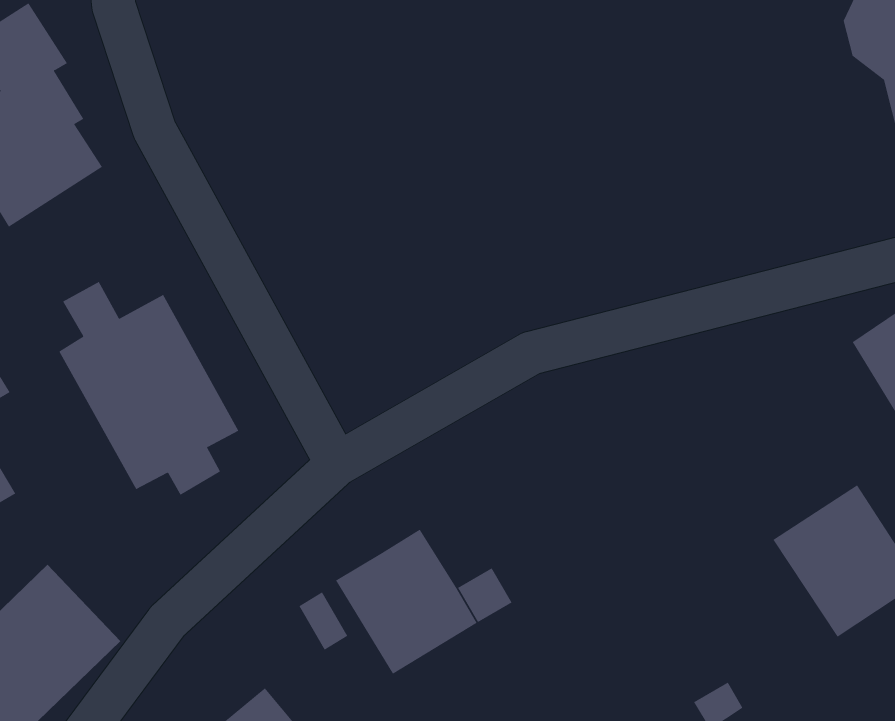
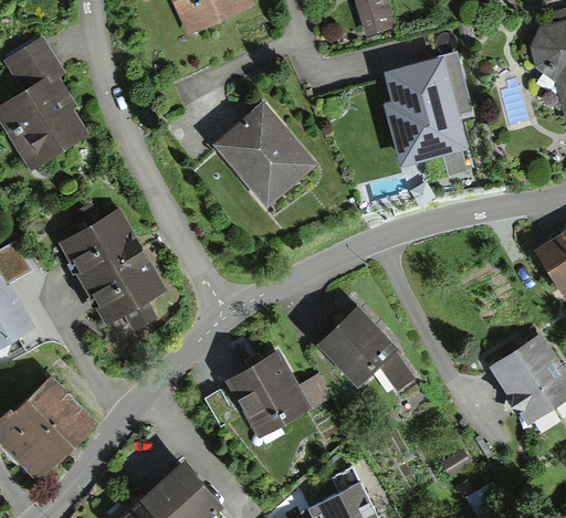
building: none -> [382,61,468,171]
building: none -> [214,106,314,208]
building: none -> [317,309,413,391]

